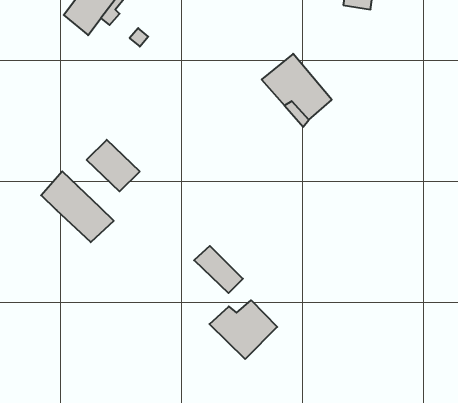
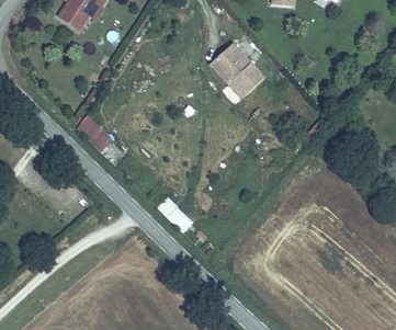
building: [41,171,114,242] -> none
building: [209,300,277,359] -> none

